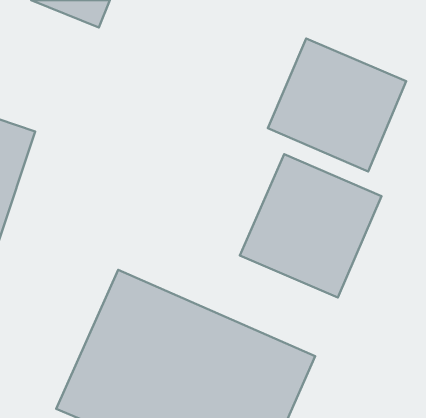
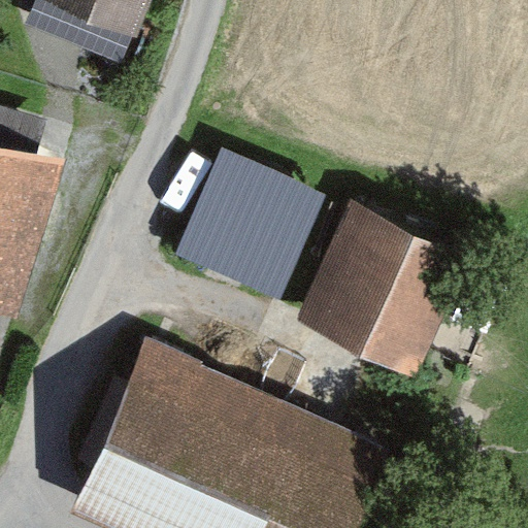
building: [268,38,406,171] -> none
building: none -> [177,141,330,295]

